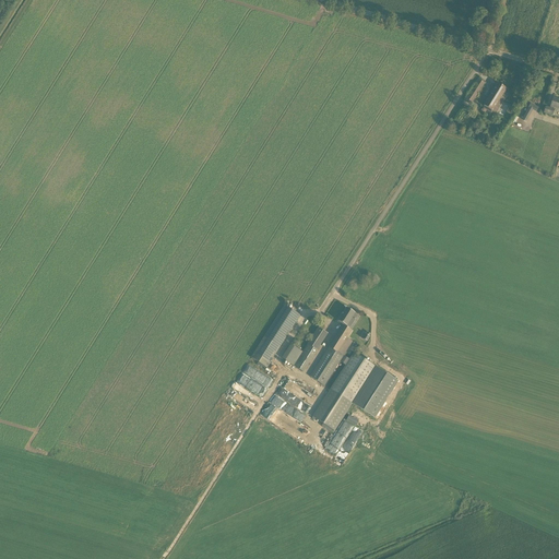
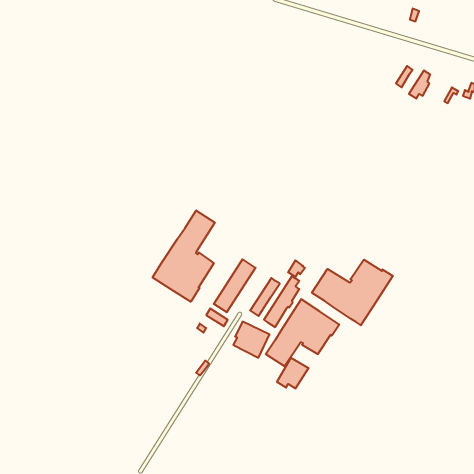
building: none -> [153,210,215,302]
building: none -> [312,260,393,325]

